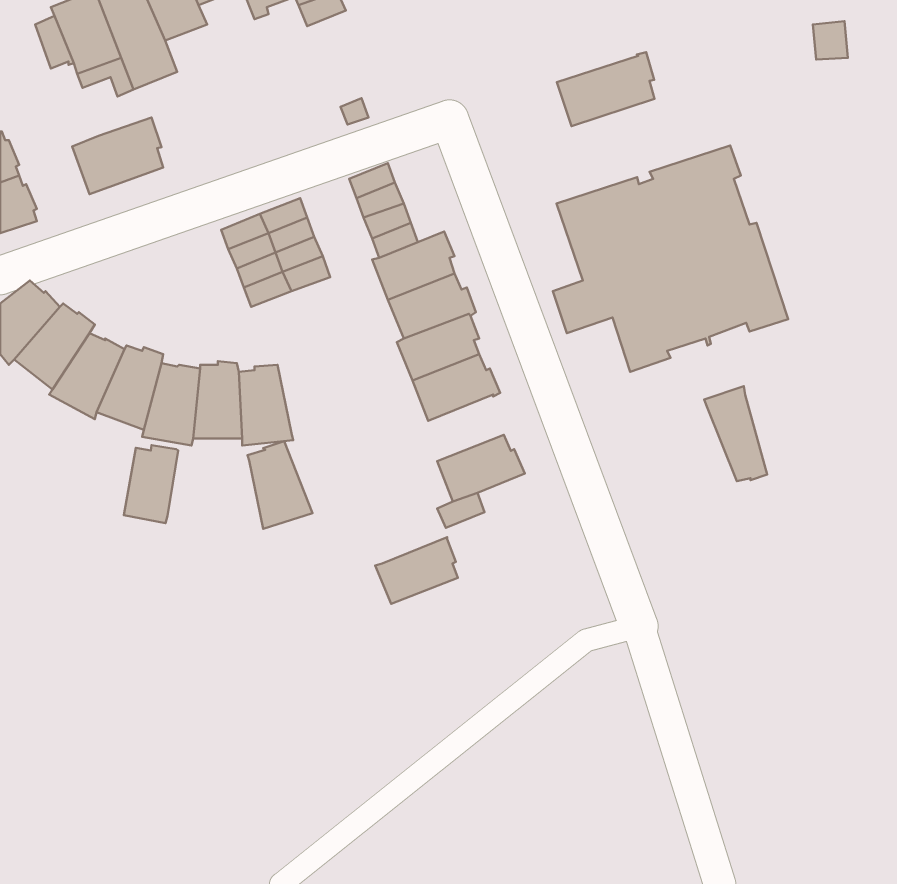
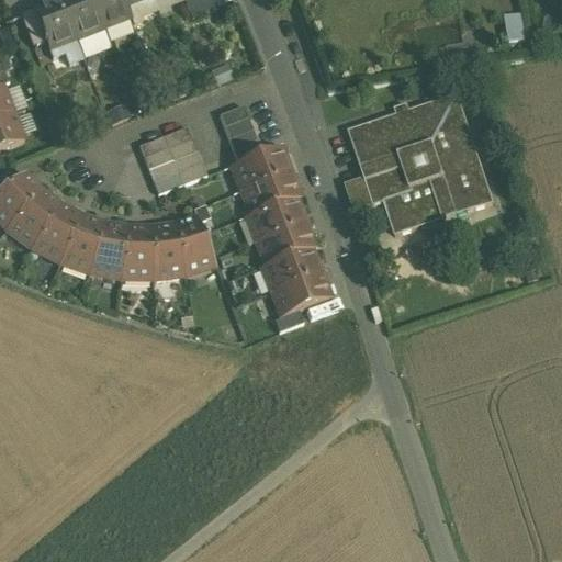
building: [557,52,655,126] -> none
building: [72,117,163,194] -> none
building: [704,386,767,481] -> none
building: [247,441,312,529] -> [172,216,213,271]
building: [124,445,178,523] -> none
building: [375,537,458,604] -> [263,247,315,289]

